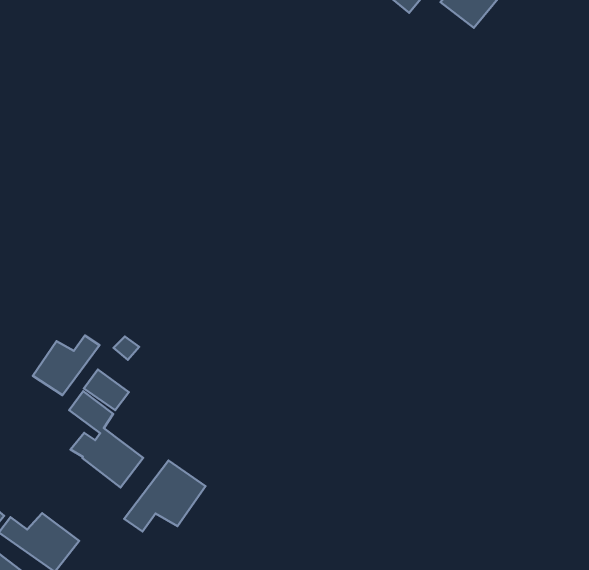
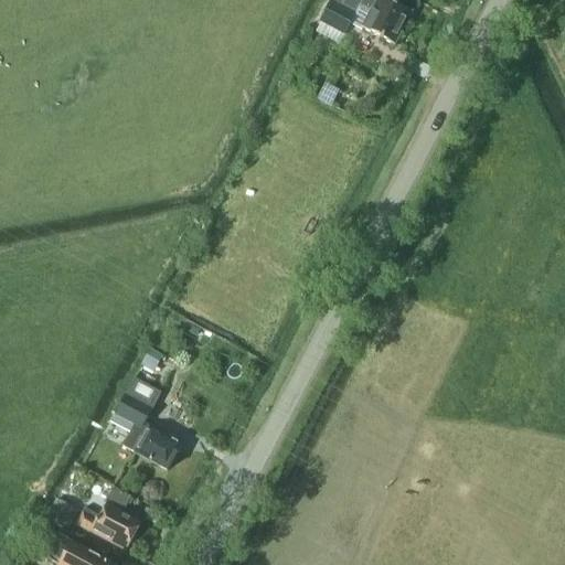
building: [33,335,100,395] -> none
building: [124,461,206,531] -> none

